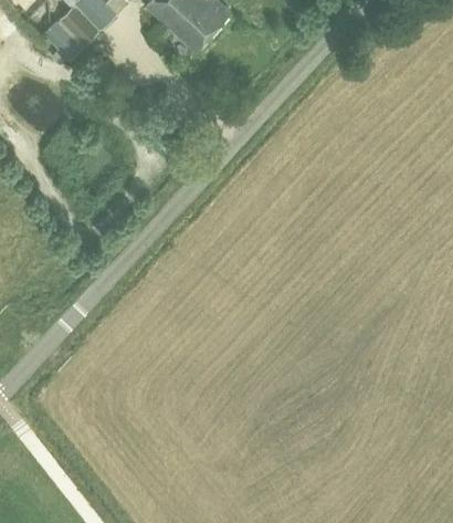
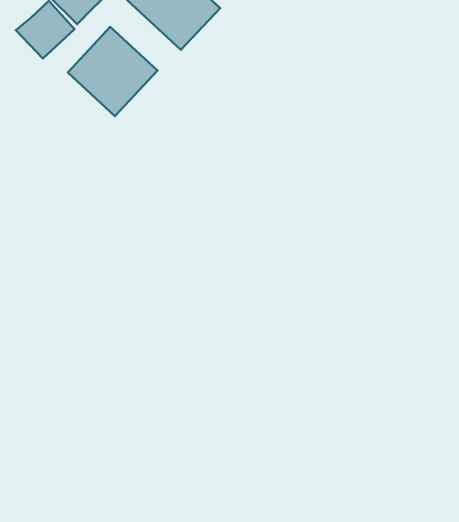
building: none -> [68,27,157,116]

